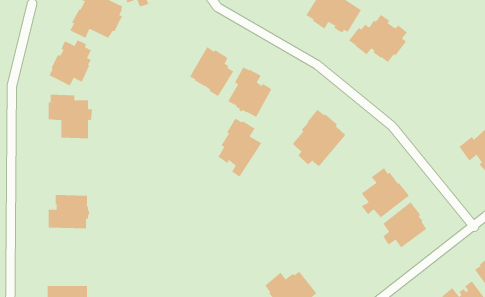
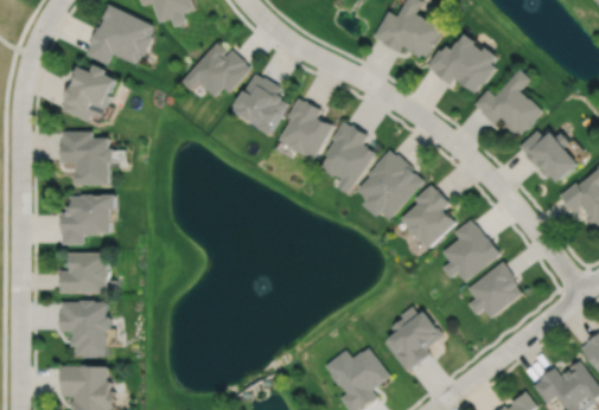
building: none -> [180,43,249,97]
building: none -> [474,70,544,135]
building: none -> [520,130,581,184]
building: [217,118,262,177] -> [321,122,376,194]
building: none -> [401,185,457,250]
building: none -> [60,196,117,245]
building: none -> [59,301,113,354]
building: none -> [384,307,442,369]

